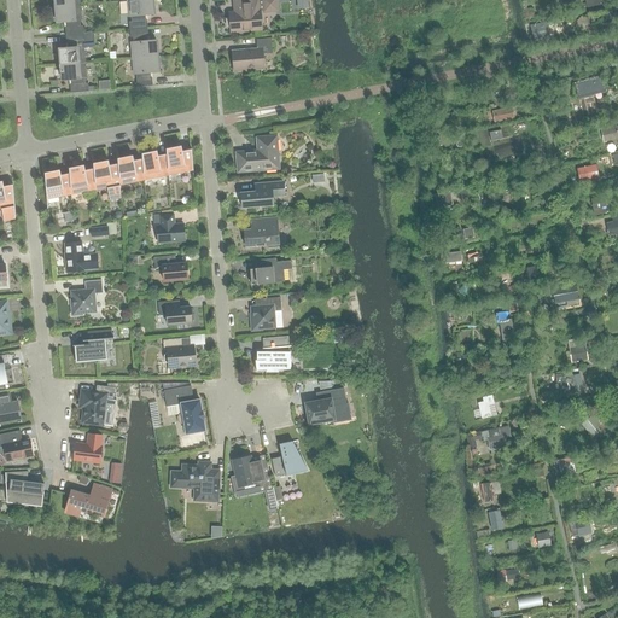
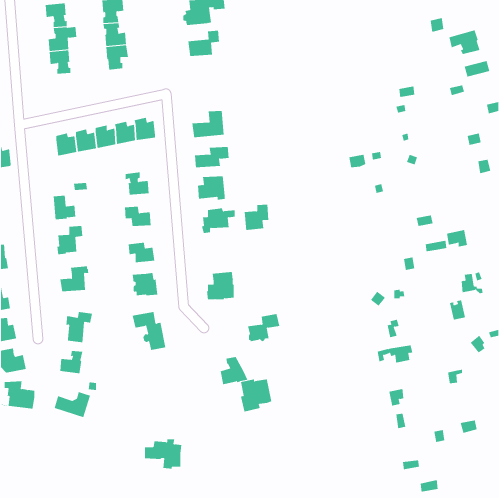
building: none -> [449,29,480,55]
building: [45,169,71,211] -> none
building: [250,297,281,330] -> [244,204,269,230]
building: [232,455,272,496] -> [240,379,272,412]
building: [171,462,218,500] -> [144,439,182,469]

